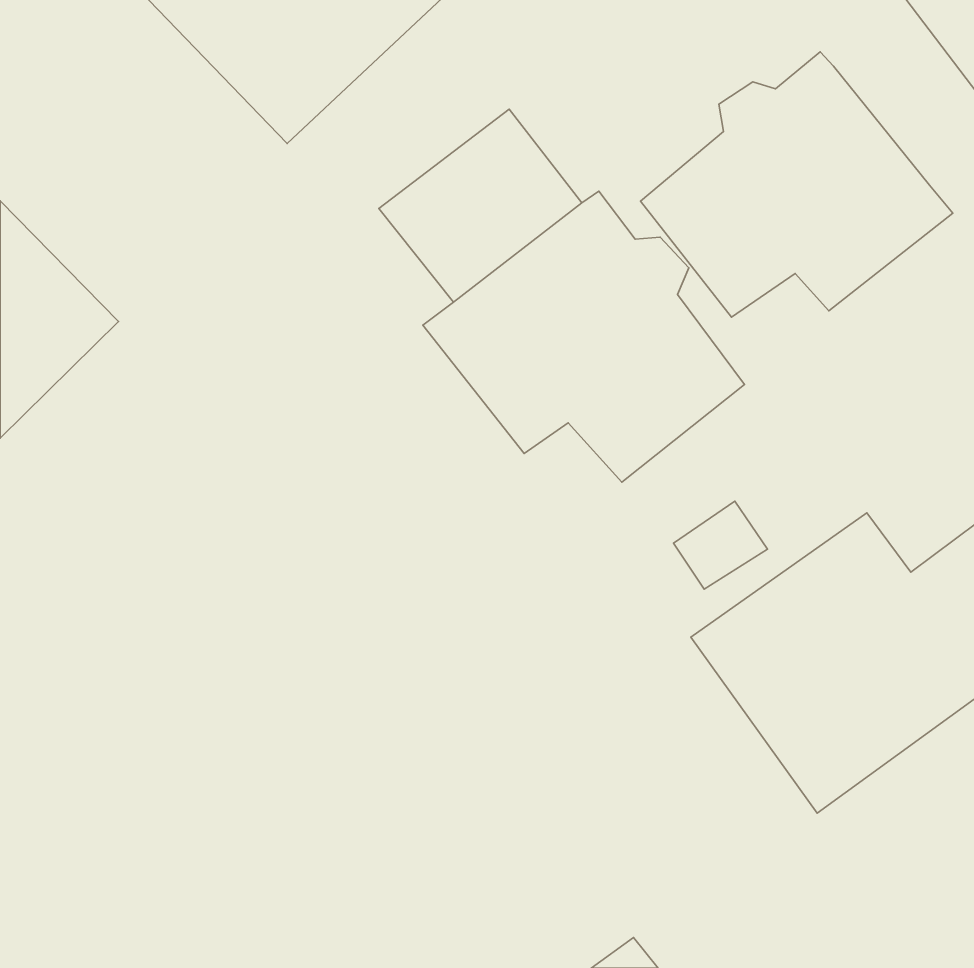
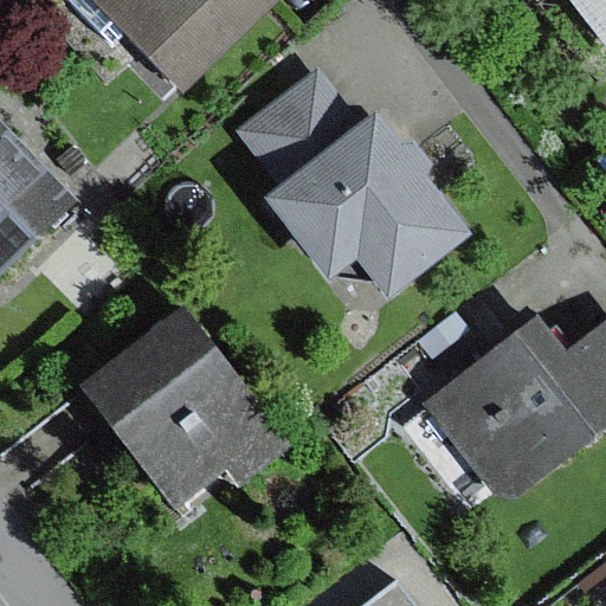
building: [640,52,953,317] -> none
building: none -> [76,305,290,509]

